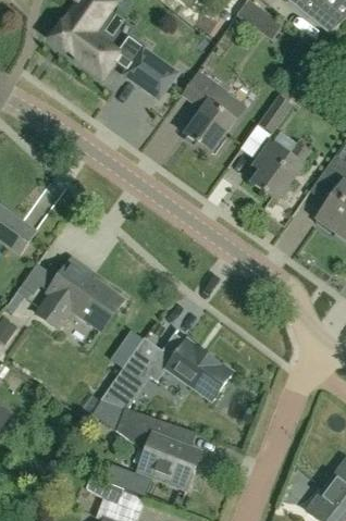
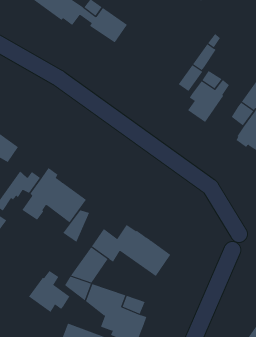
building: [183,72,245,154] -> none
building: none -> [63,209,90,243]
building: none -> [28,270,70,313]

